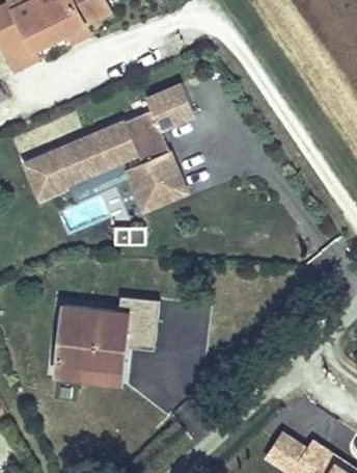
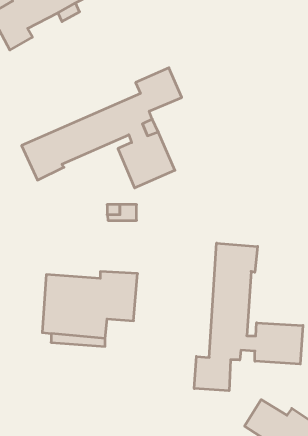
building: none -> [194,243,303,391]

